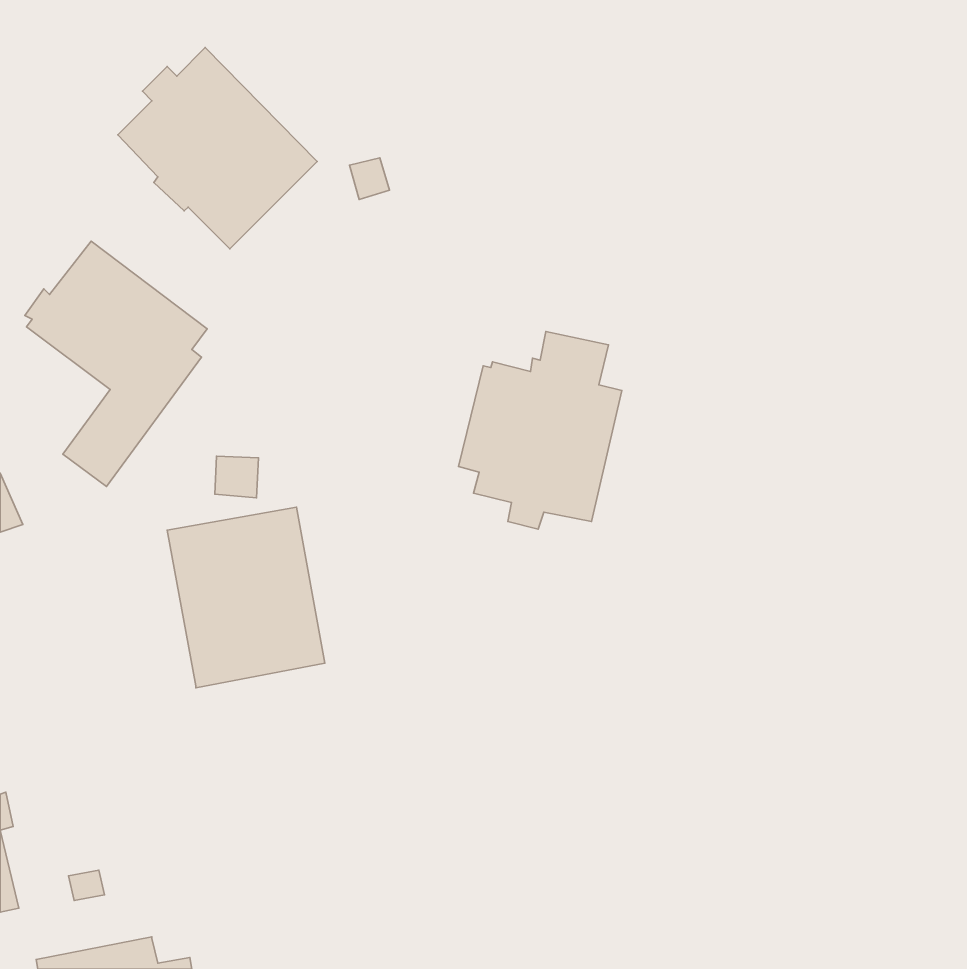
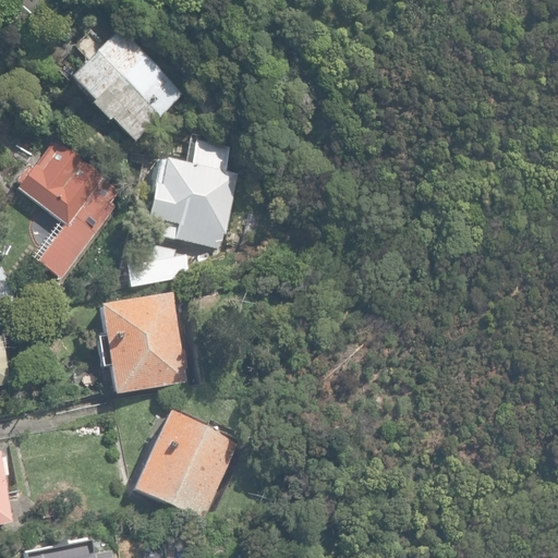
building: [458,332,622,529] -> [146,140,240,253]
building: none -> [132,410,238,520]

